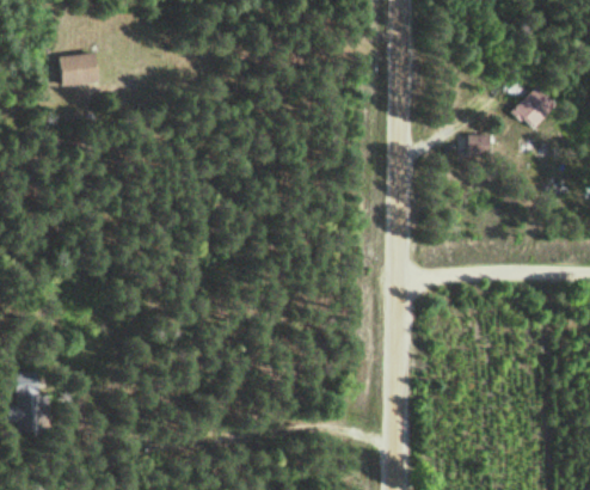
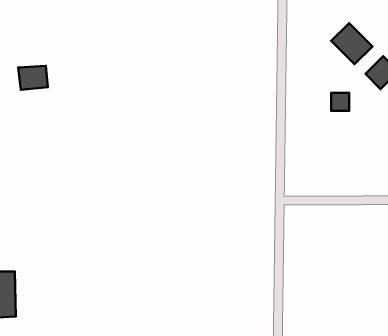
building: none -> [331,23,372,64]
building: [59,54,98,86] -> [18,66,48,90]

